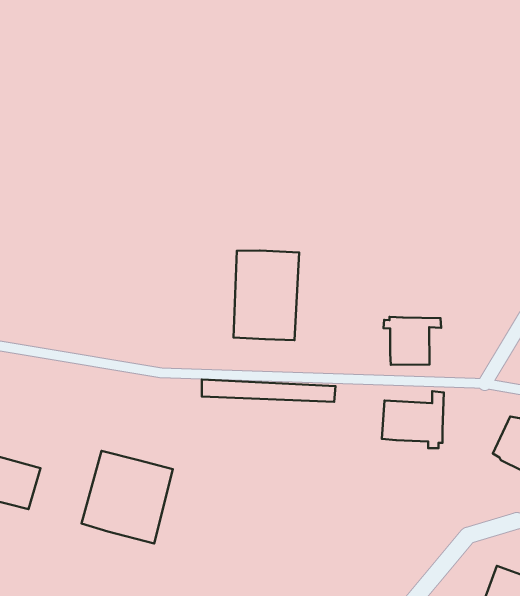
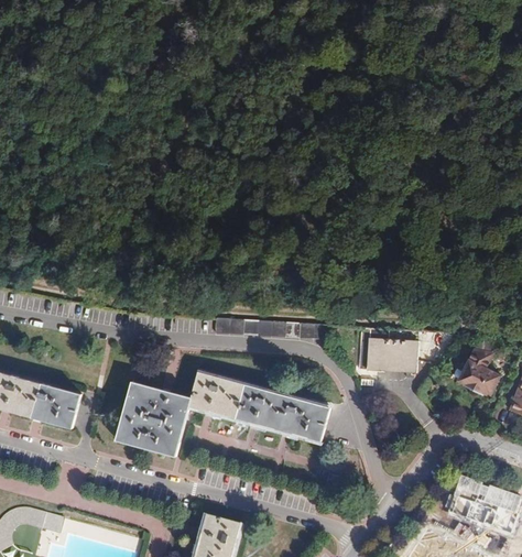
building: [234,251,299,340] -> none
building: [384,317,441,365] -> none
building: none -> [188,372,329,441]

